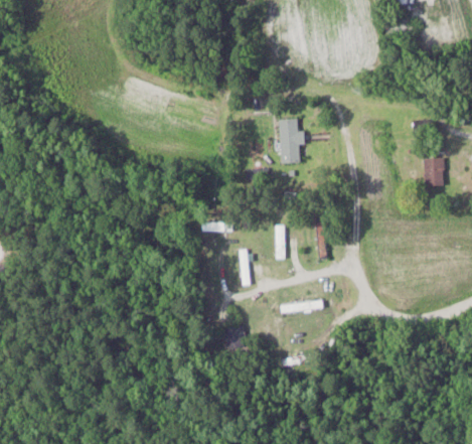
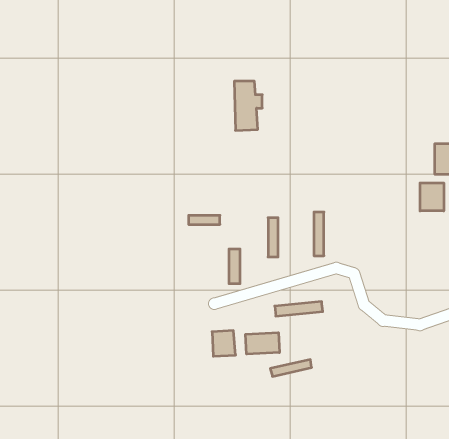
building: [279,119,304,163] -> [234,81,262,130]
building: none -> [420,183,444,211]
building: none -> [246,333,279,354]

